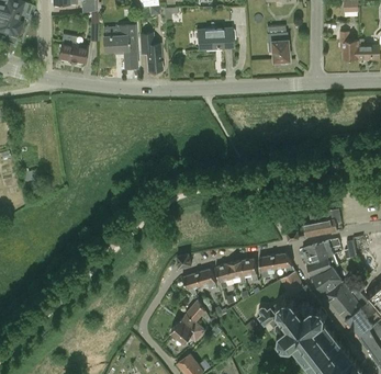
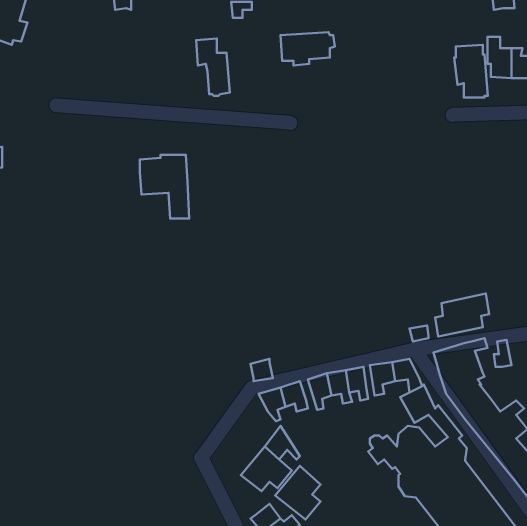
building: [102,24,136,68] -> [140,155,189,218]
building: [265,25,288,61] -> [454,45,488,97]
building: [58,34,87,64] -> none
building: none -> [275,466,320,519]

